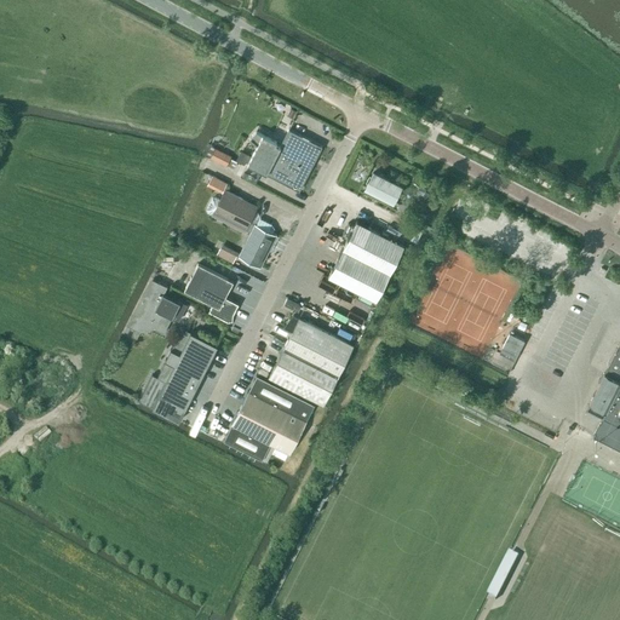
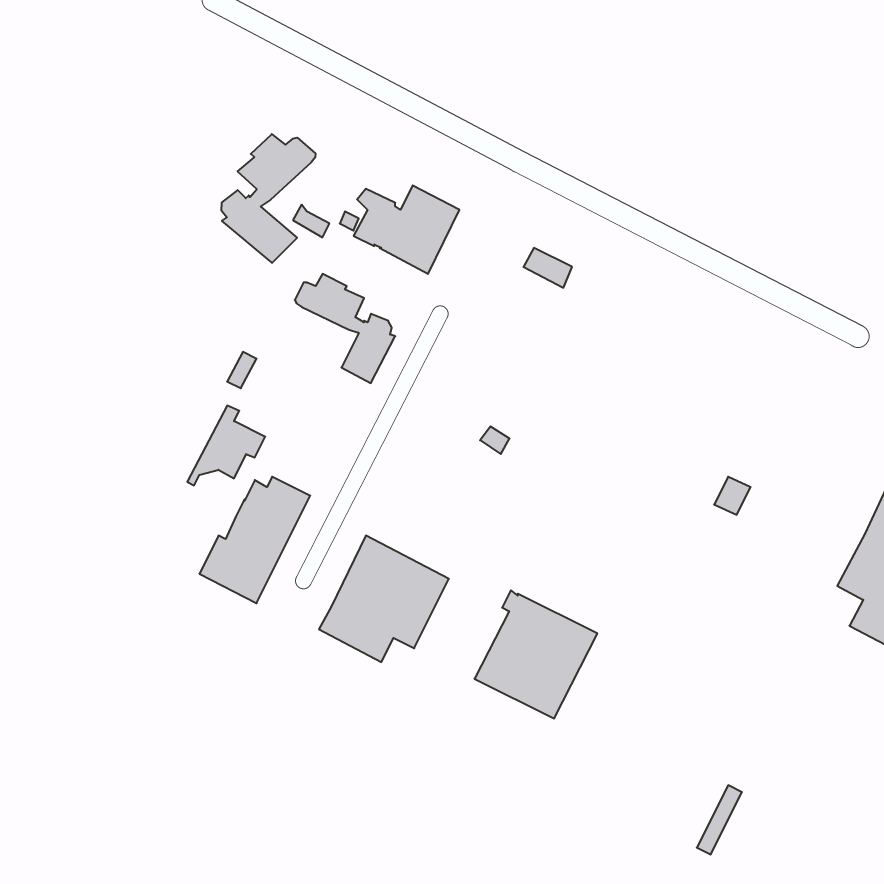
building: none -> [221,134,315,263]
building: [329,222,406,302] -> none
building: [185,265,240,323] -> none
building: [269,316,355,406] -> [474,590,597,719]

